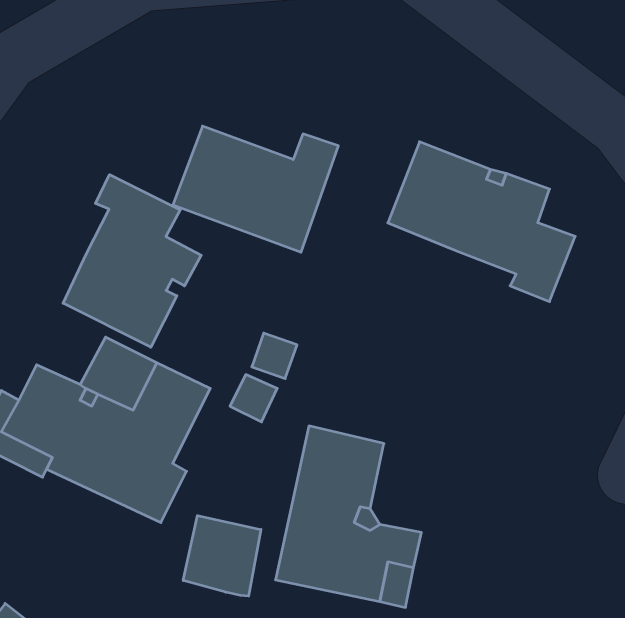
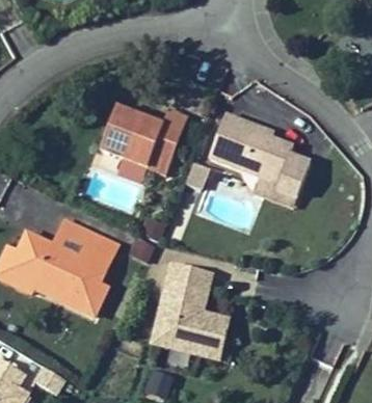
building: [63,175,201,347] -> none
building: [183,516,261,596] -> none

